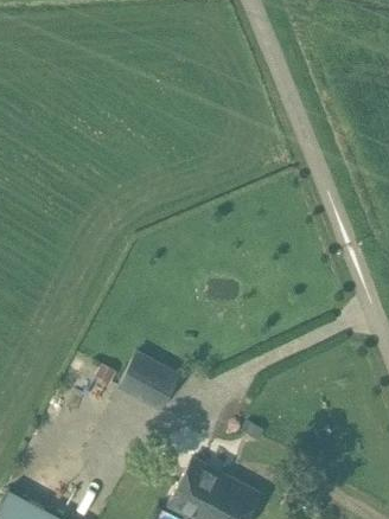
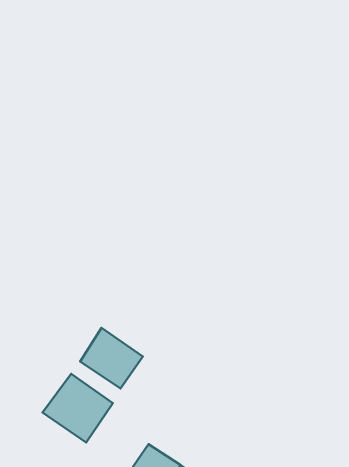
building: none -> [43,374,113,442]

